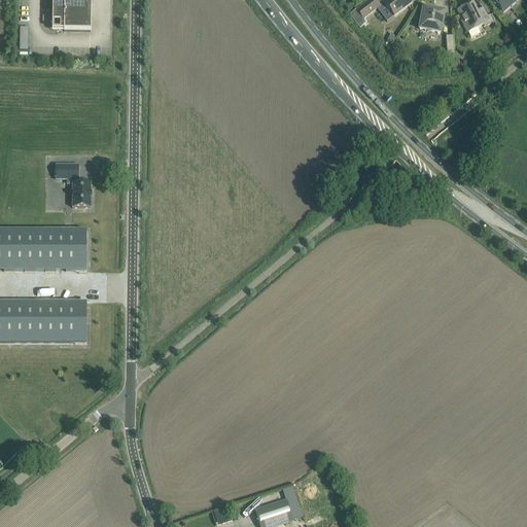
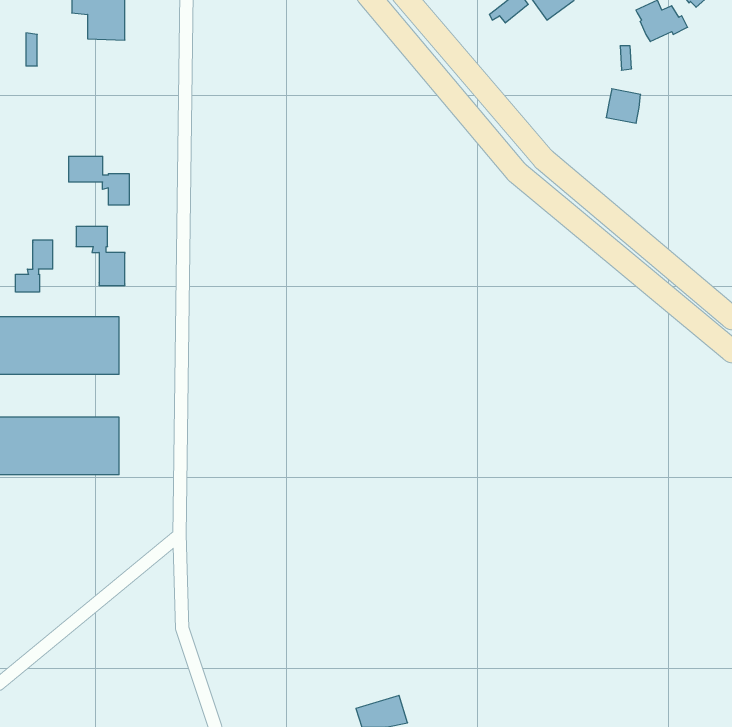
building: [418,5,443,30] -> [606,89,641,123]
building: none -> [69,156,129,205]
building: none -> [16,240,53,292]

